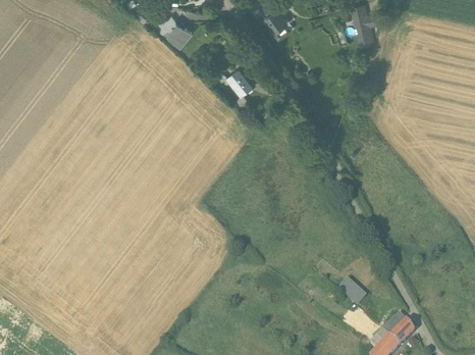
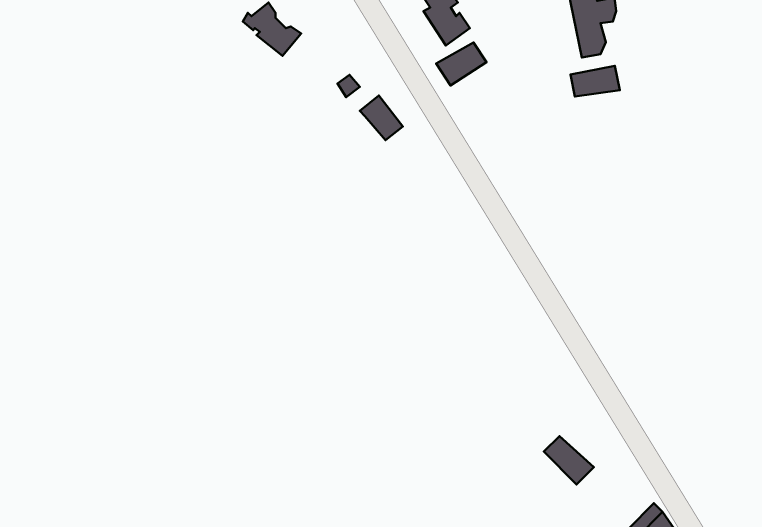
building: none -> [436,42,486,86]
building: none -> [571,66,620,97]

